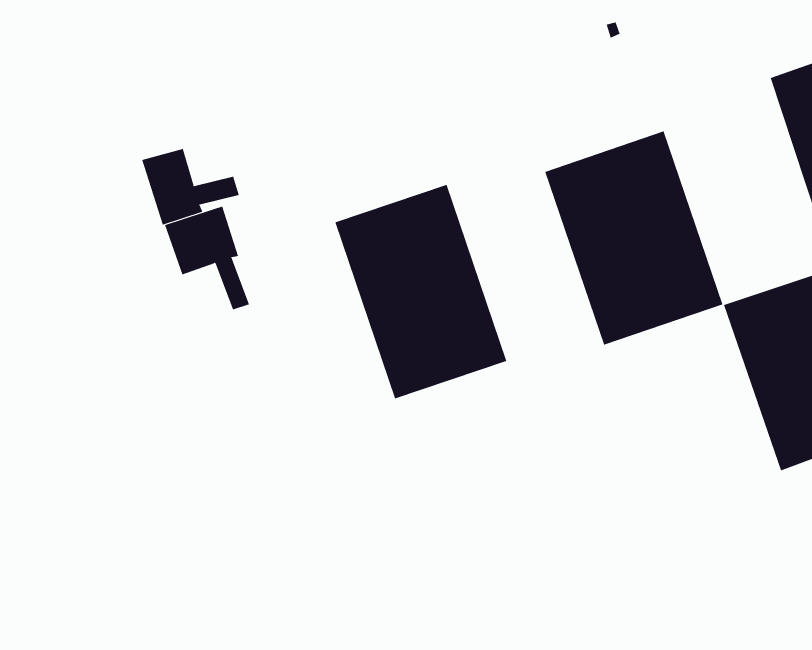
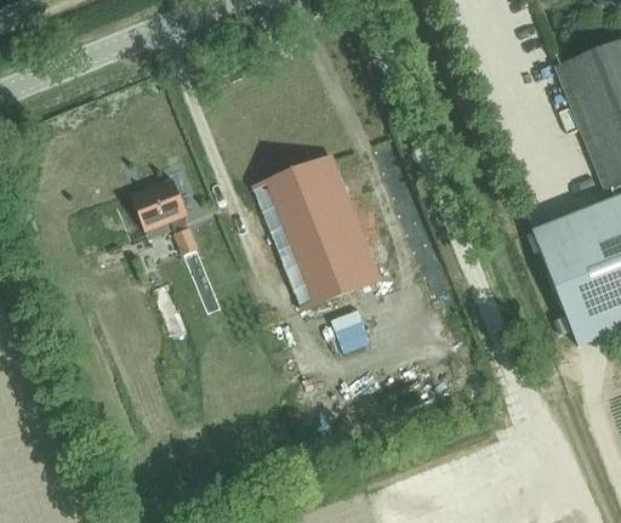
building: [545,131,723,346] -> none
building: [142,148,240,225] -> none

